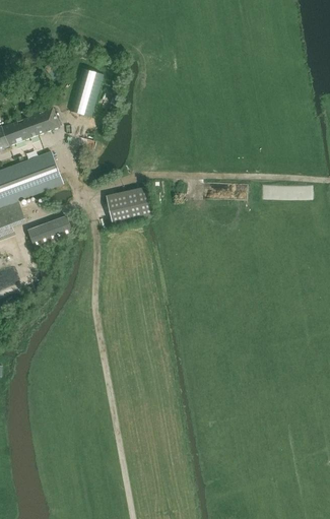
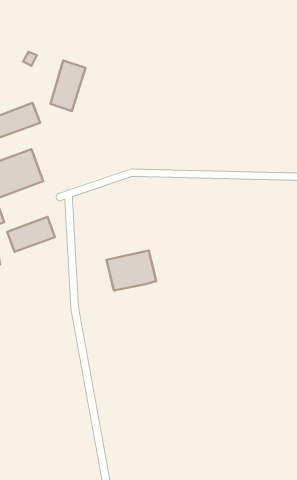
building: [105,186,152,224] -> [107,250,156,291]

